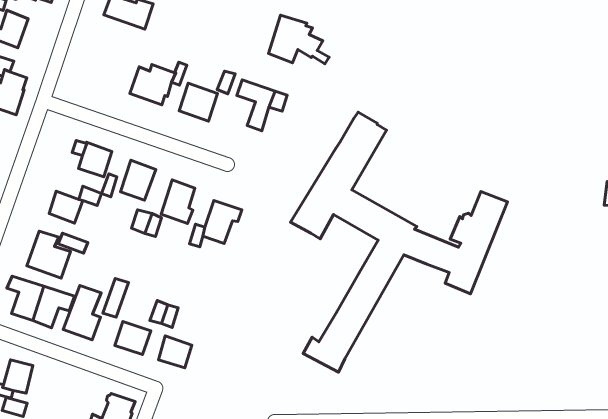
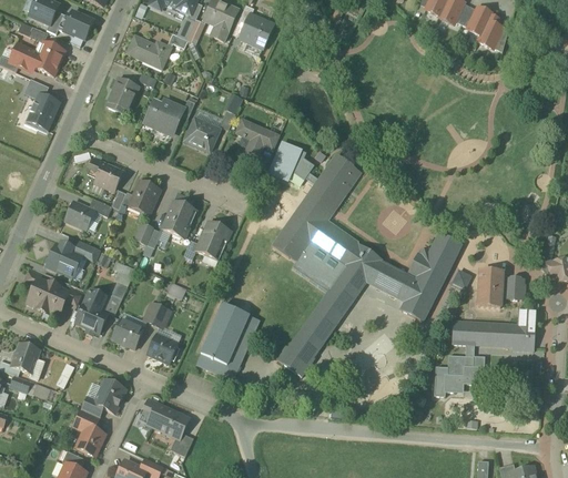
building: [268,15,329,64] -> [270,139,322,184]
building: none -> [106,75,139,113]
building: none -> [292,241,347,293]
building: none -> [478,269,525,305]
building: none -> [435,309,536,390]
building: none -> [196,302,258,378]

